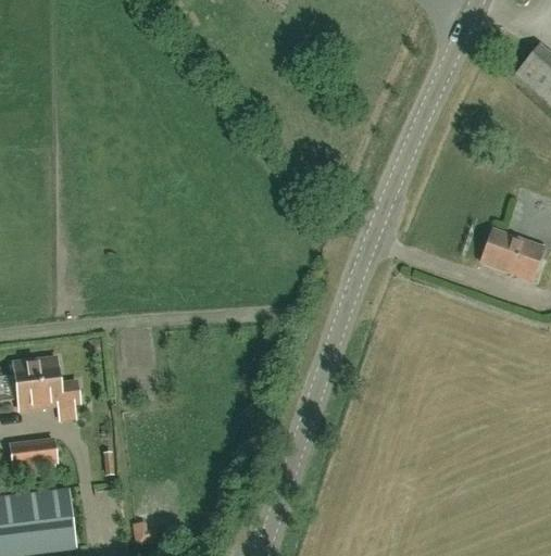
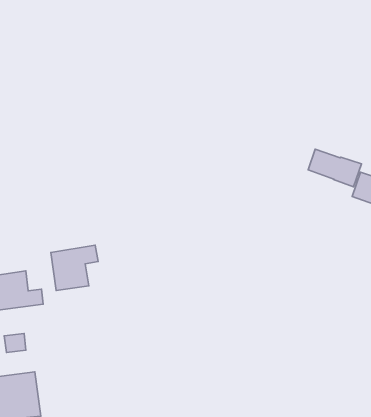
building: none -> [308,149,362,187]
building: none -> [51,245,98,290]

